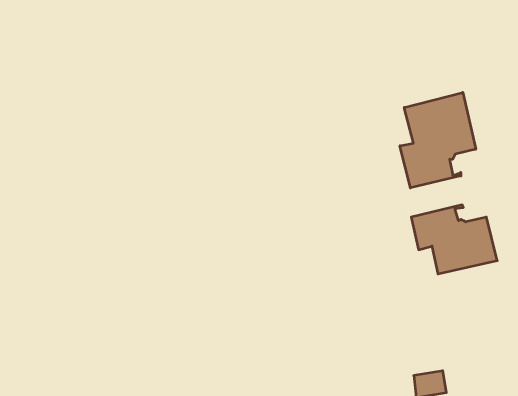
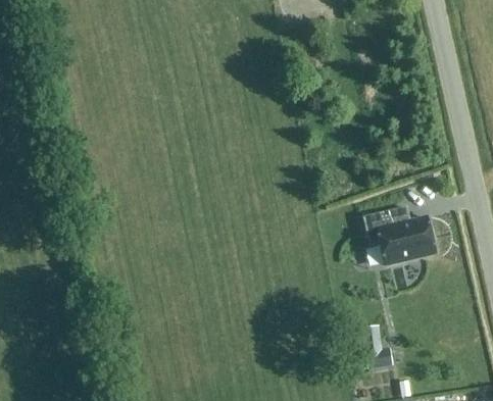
building: [400,92,476,188] -> none

